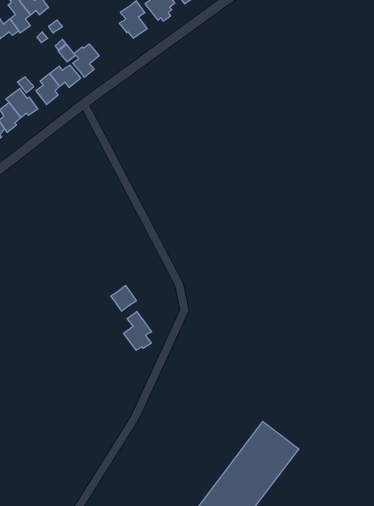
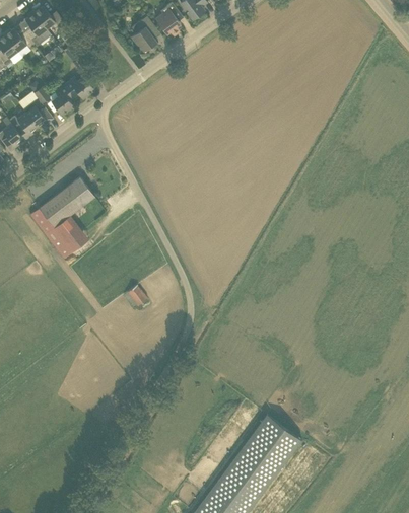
building: [73,44,99,77] -> none
building: none -> [30,177,95,260]
building: [124,311,152,350] -> none

